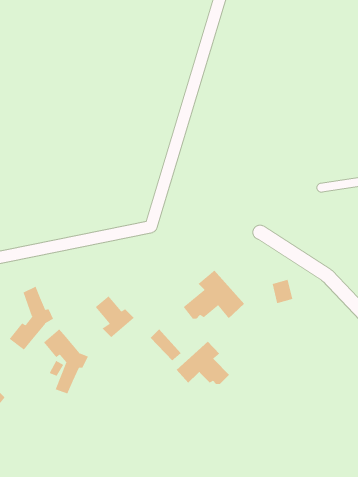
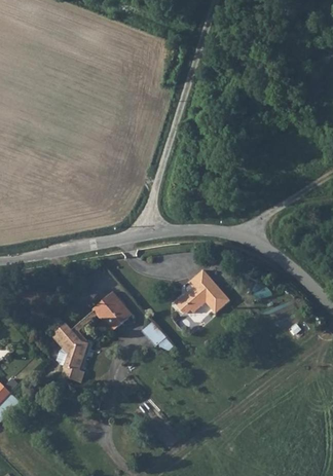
building: [9,286,54,350] -> none
building: [176,341,230,385] -> none

